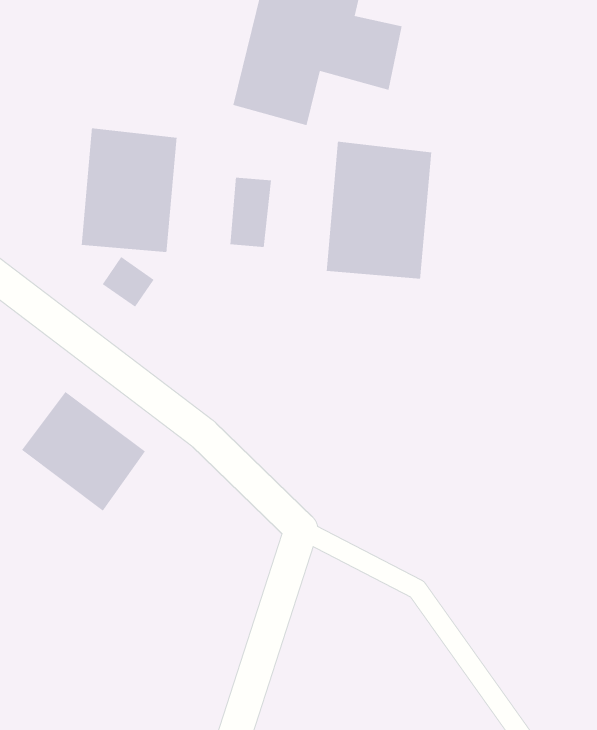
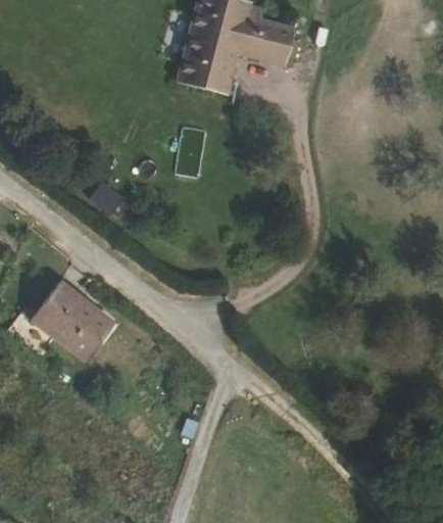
building: [81,127,177,253] -> none
building: [326,141,432,280] -> none

